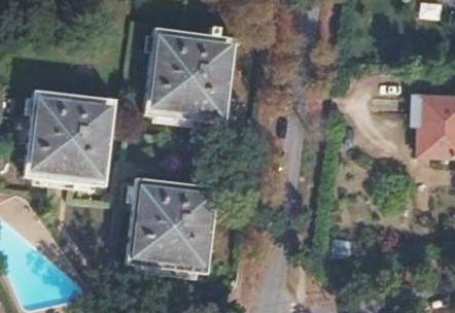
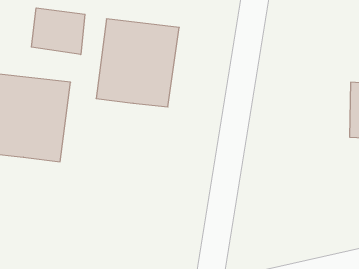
building: none -> [31,8,85,55]
building: [128,177,216,273] -> none

